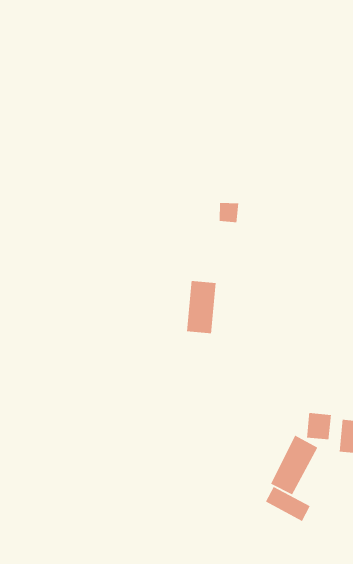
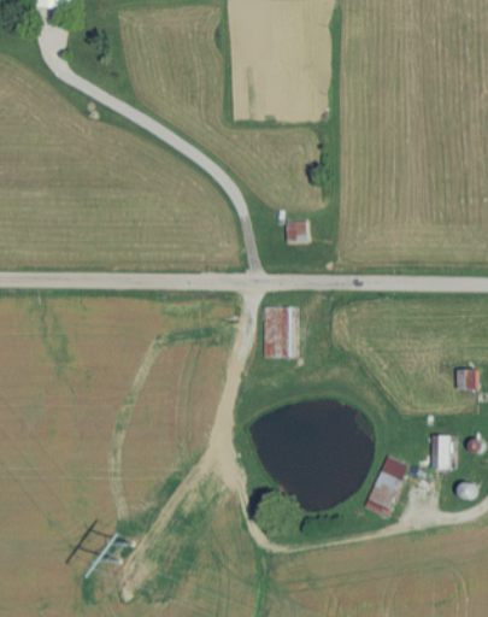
building: [306,412,331,440] -> none
building: [265,486,311,522] -> none

